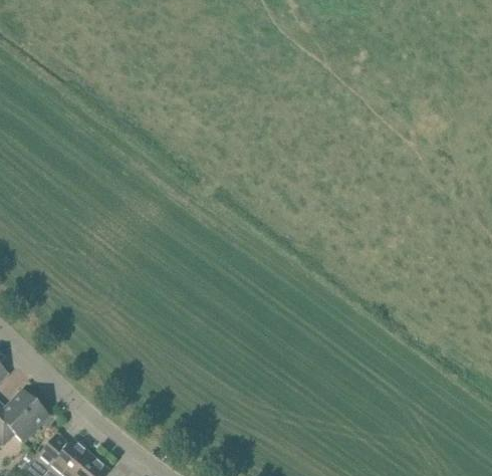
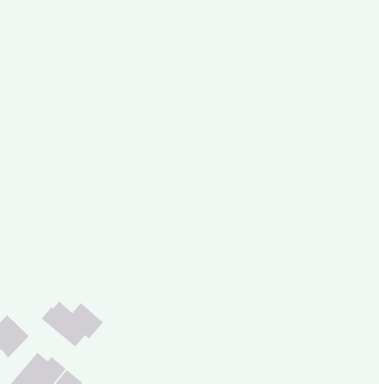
building: none -> [41,301,104,347]

